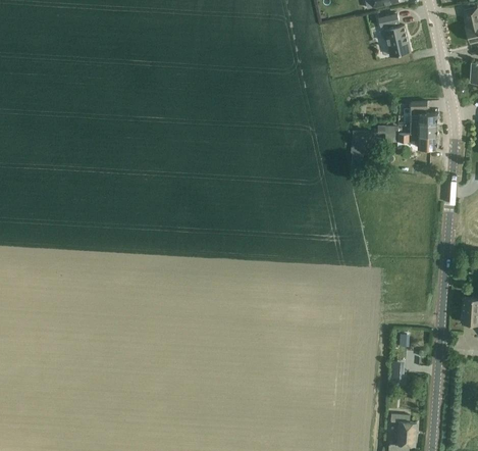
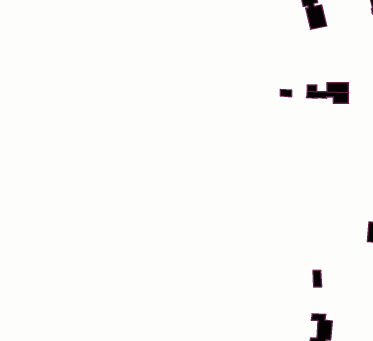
building: [410,102,438,123] -> none

